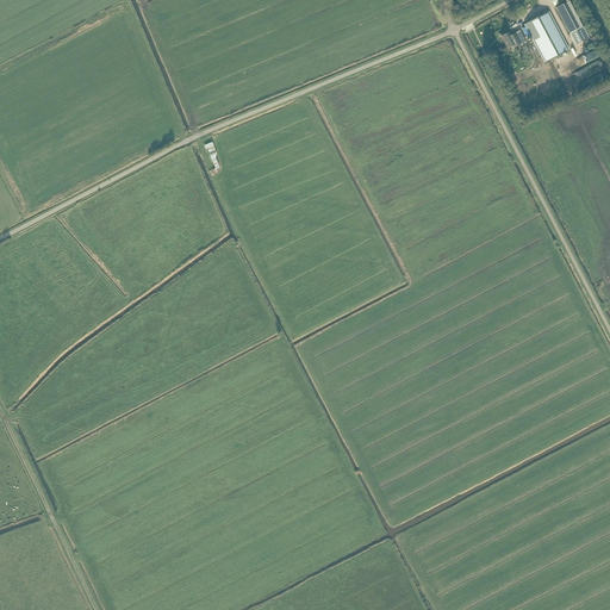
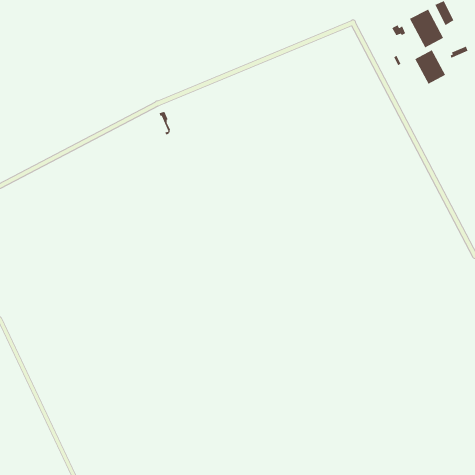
building: none -> [414,49,446,85]

